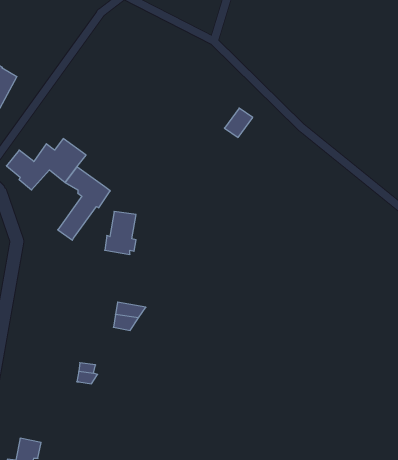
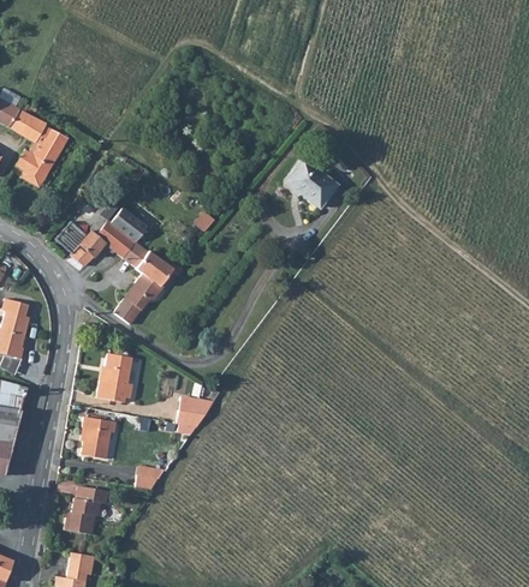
building: none -> [287,160,322,197]
building: [105,211,136,254] -> [99,353,135,402]
building: none -> [82,418,117,460]
building: none -> [65,486,109,535]

